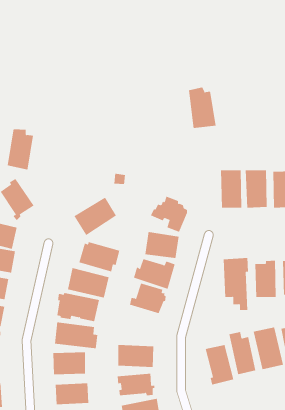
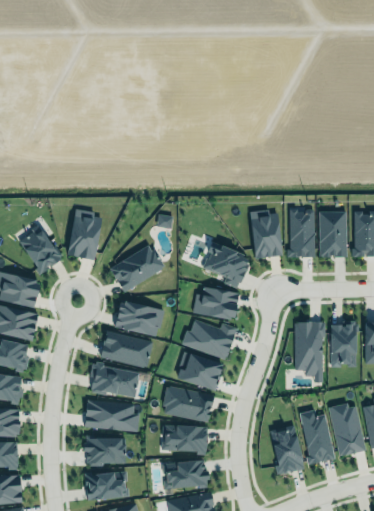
building: [188,87,217,128] -> [249,208,284,259]
building: [7,129,34,170] -> [68,209,101,260]
building: none -> [163,387,214,423]

